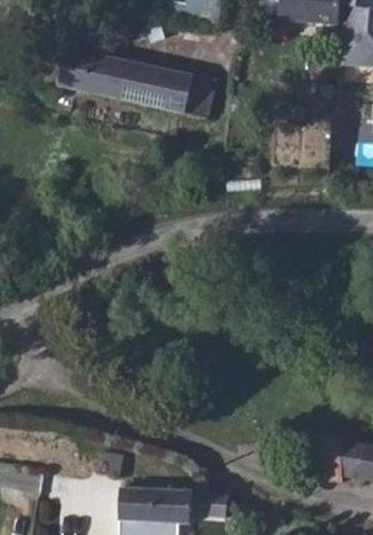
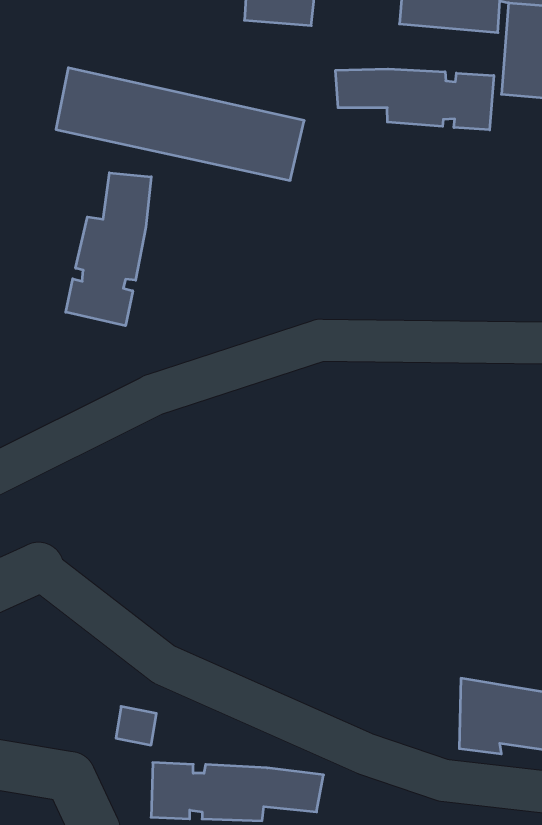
building: none -> [336,69,494,130]
building: none -> [66,173,151,326]

